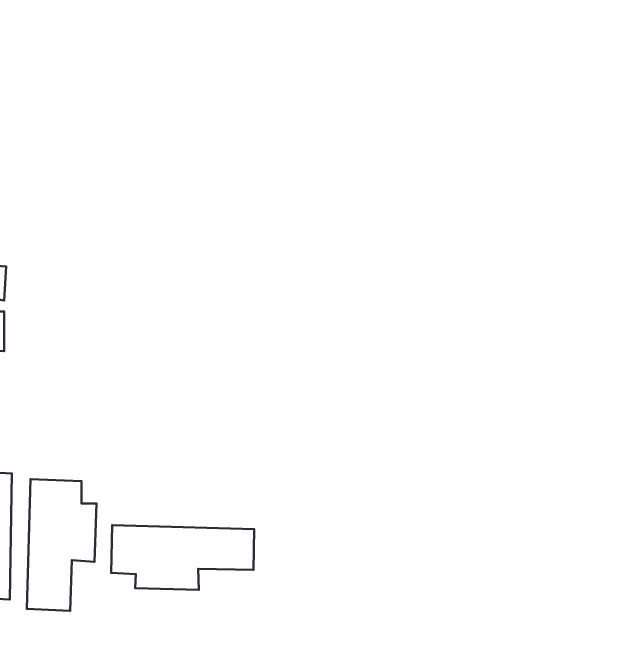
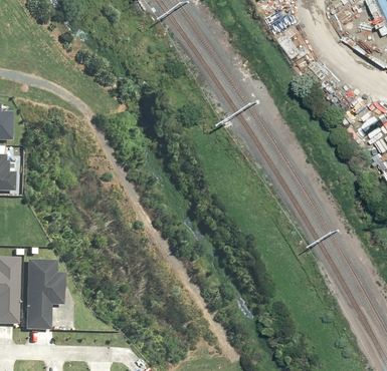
building: [111,525,254,590] -> none

